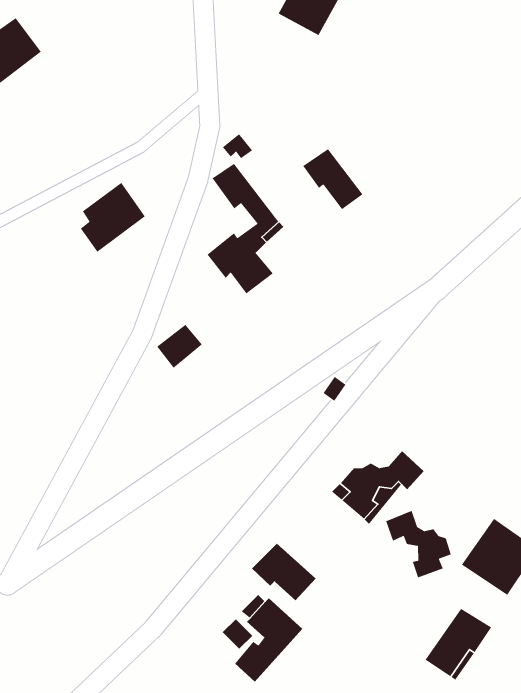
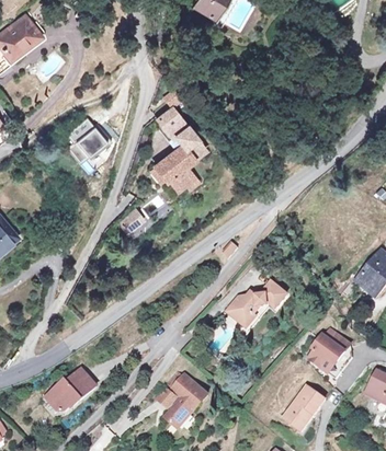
building: [302,148,364,210] -> none
building: [385,510,452,579] -> none
building: [251,543,317,601] -> none
building: none -> [44,371,95,412]

